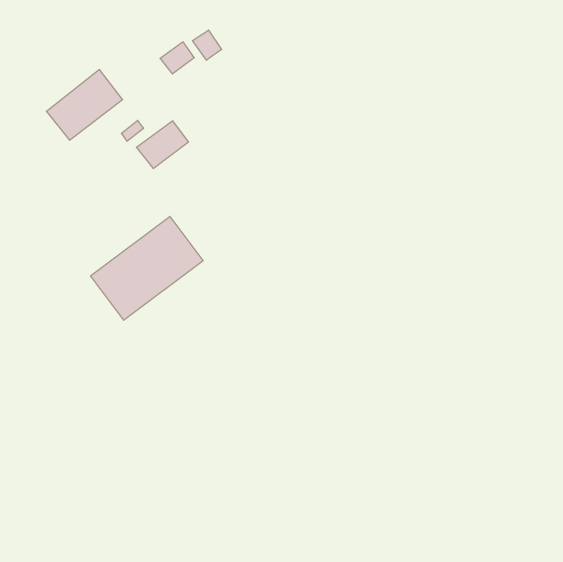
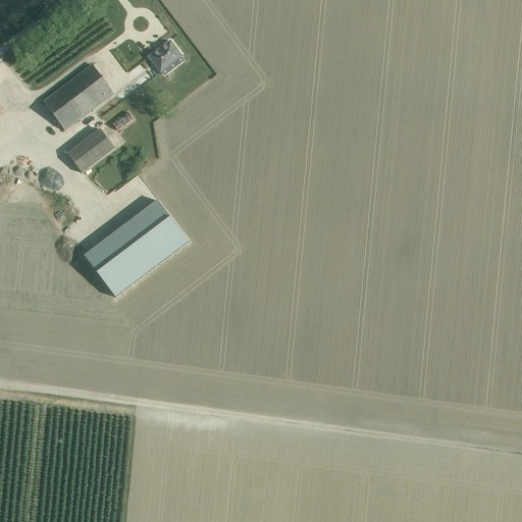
building: [193,30,222,60] -> none
building: [136,121,188,168] -> [66,128,114,172]

